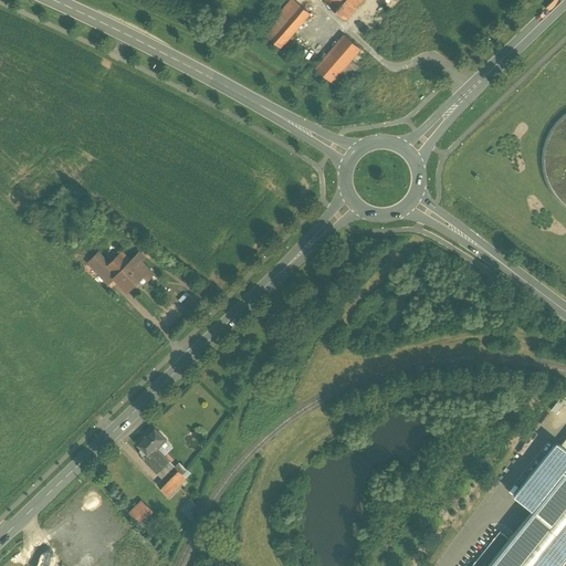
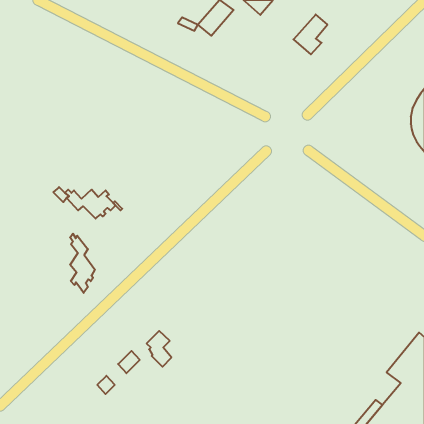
building: [316,36,361,90] -> [293,14,327,54]
building: none -> [70,234,95,293]
building: [137,428,170,475] -> [147,331,171,367]

